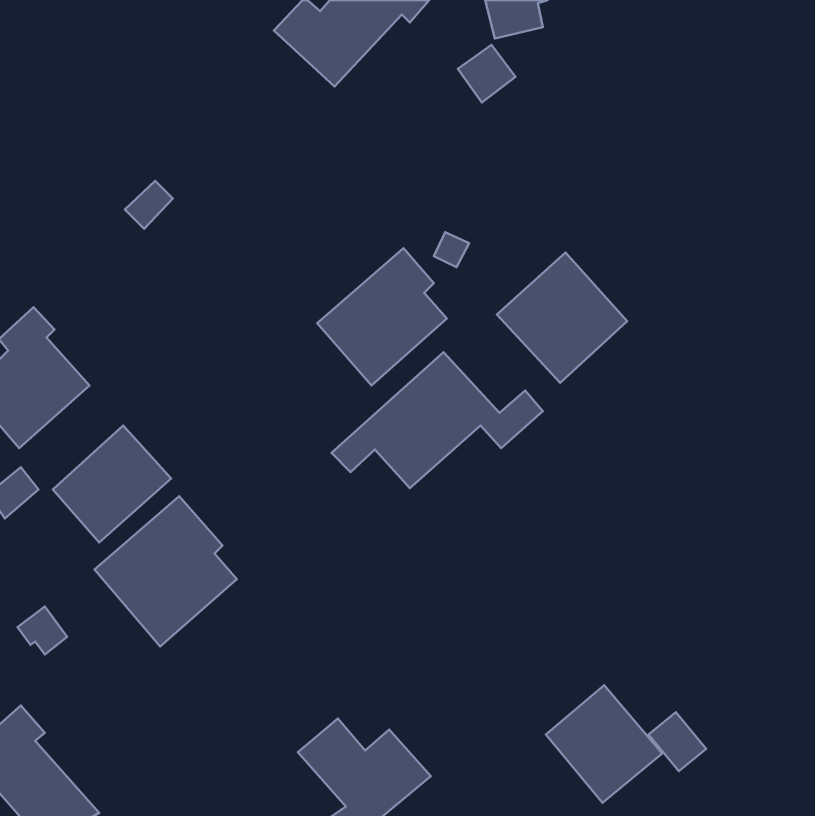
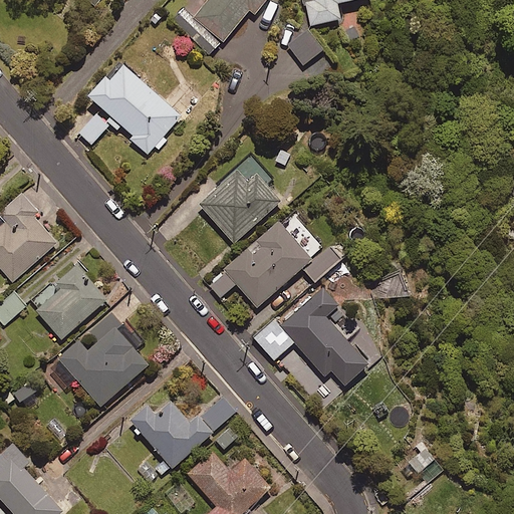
building: none -> [88,64,182,156]
building: [497,253,627,383] -> none
building: none -> [254,288,367,384]
building: none -> [128,392,235,479]
building: [546,685,662,803] -> none

